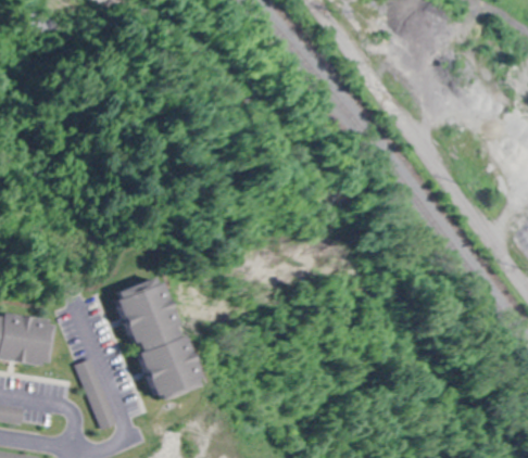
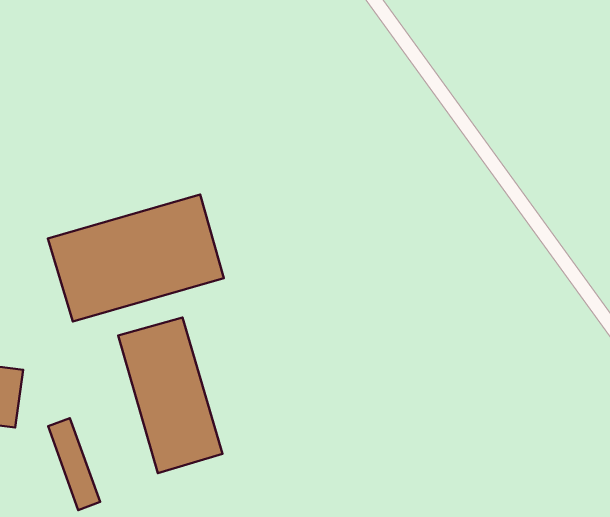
building: none -> [48,194,224,321]

